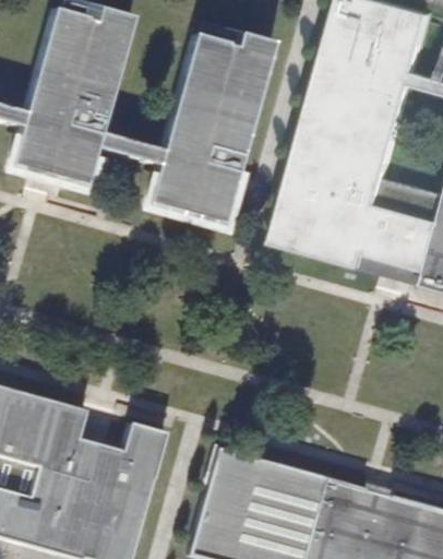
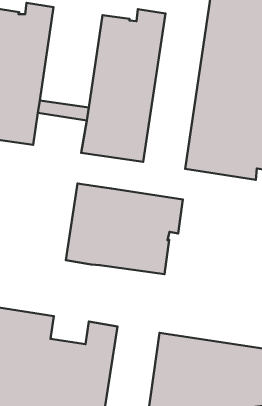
building: none -> [66,184,183,274]

